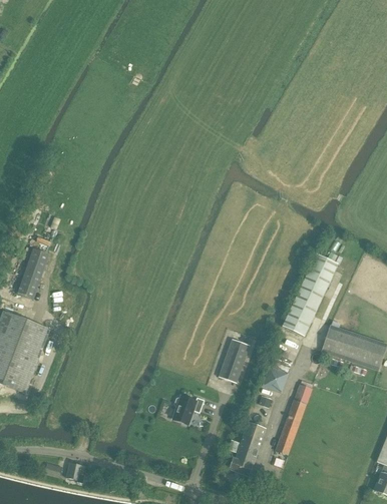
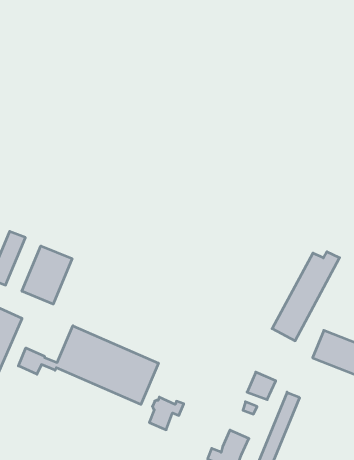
building: none -> [22,246,72,304]
building: none -> [18,326,158,404]
building: [219,339,250,383] -> none

